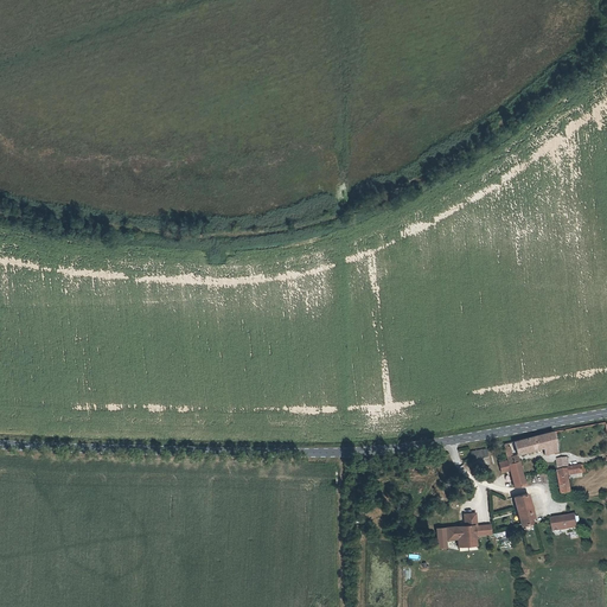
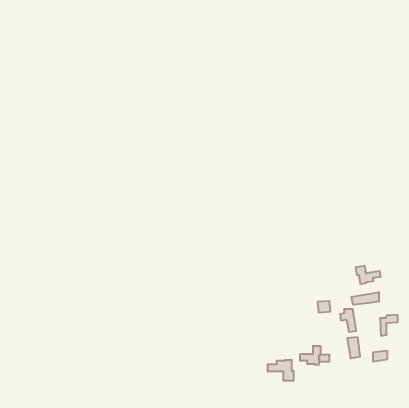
building: none -> [356,266,380,284]
building: none -> [268,360,294,381]

